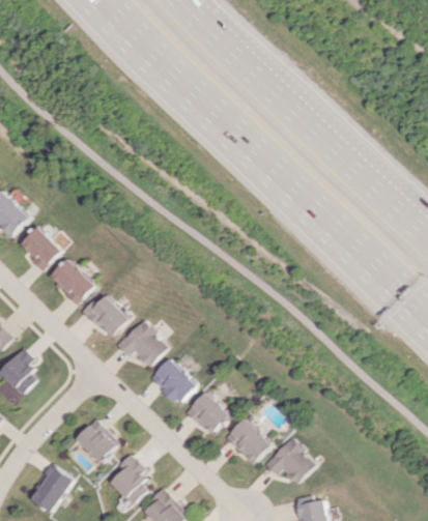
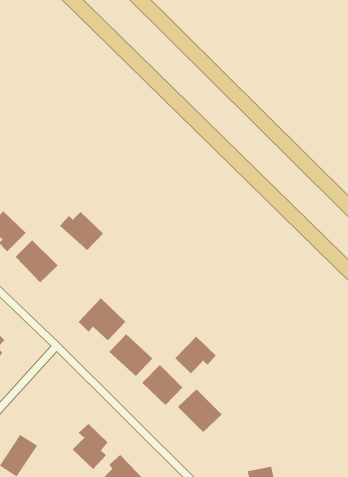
building: [82,295,130,338] -> [59,211,104,251]
building: none -> [174,336,217,374]
building: [75,418,119,463] -> none
building: [263,438,315,485] -> none

